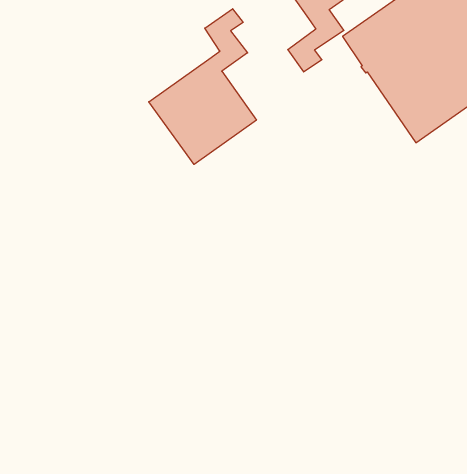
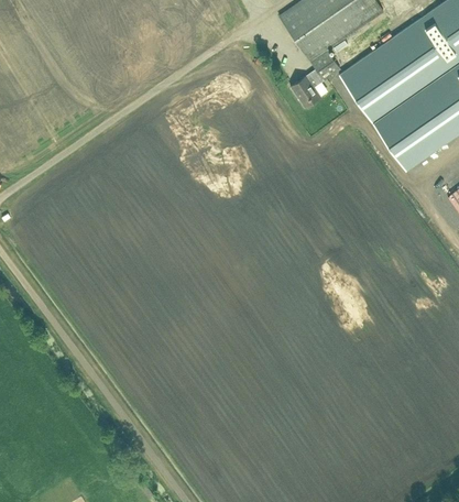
building: [149,9,256,164] -> none

